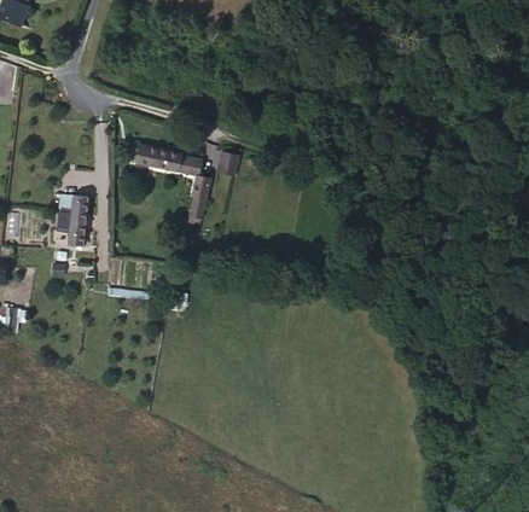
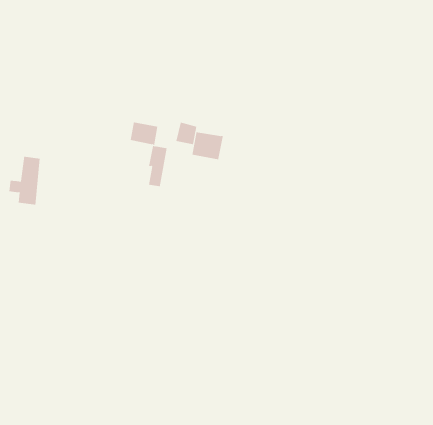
building: [136,145,176,173] -> none
building: none -> [192,132,223,160]

